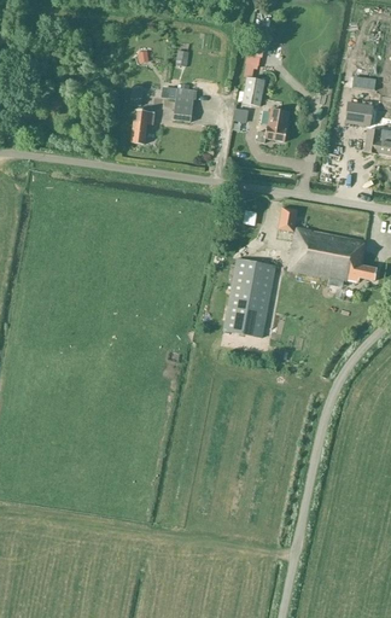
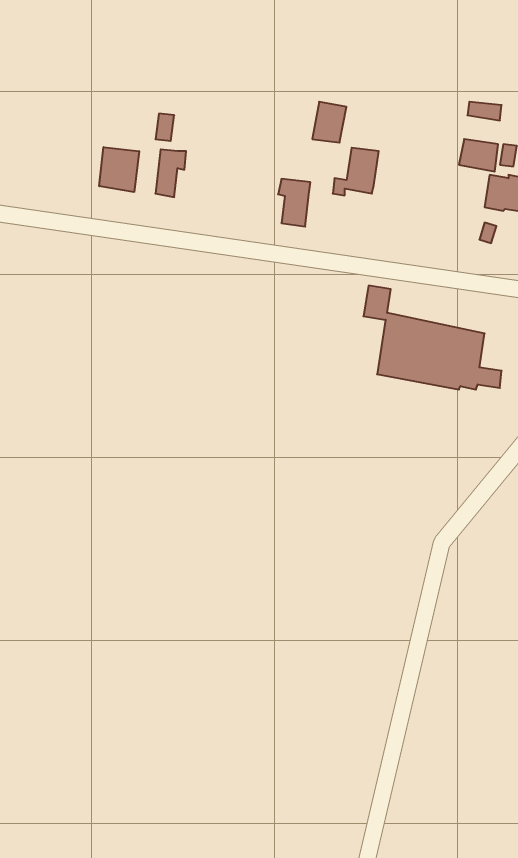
building: [171,87,194,121] -> [278,179,310,227]
building: none -> [99,147,139,192]
building: [224,258,276,337] -> none

